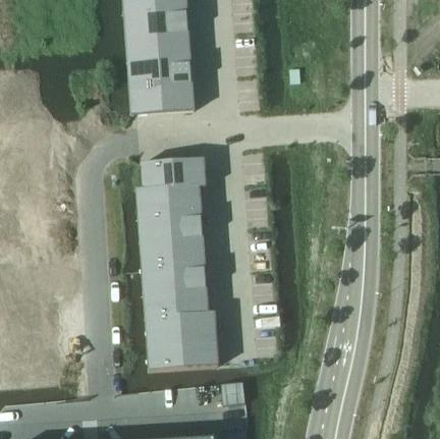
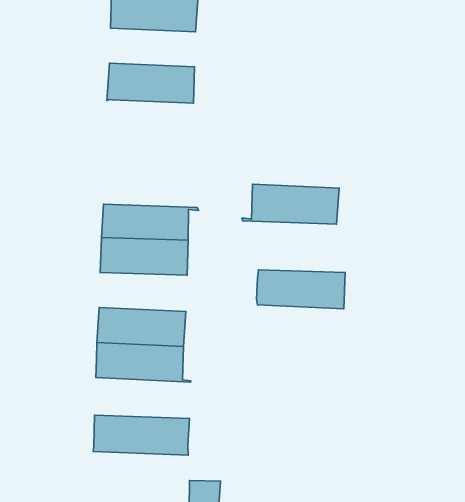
building: [127,58,191,88] -> none
building: [135,159,205,190] -> [242,184,339,224]
building: [140,235,205,266] -> [257,270,345,309]
building: [145,313,216,344] -> none

